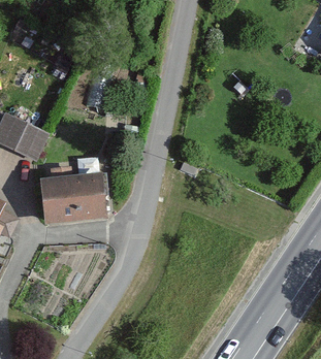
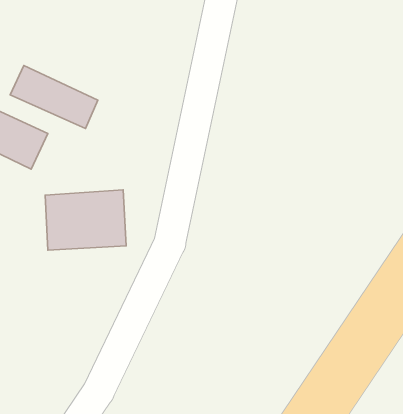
building: none -> [10,66,98,129]

